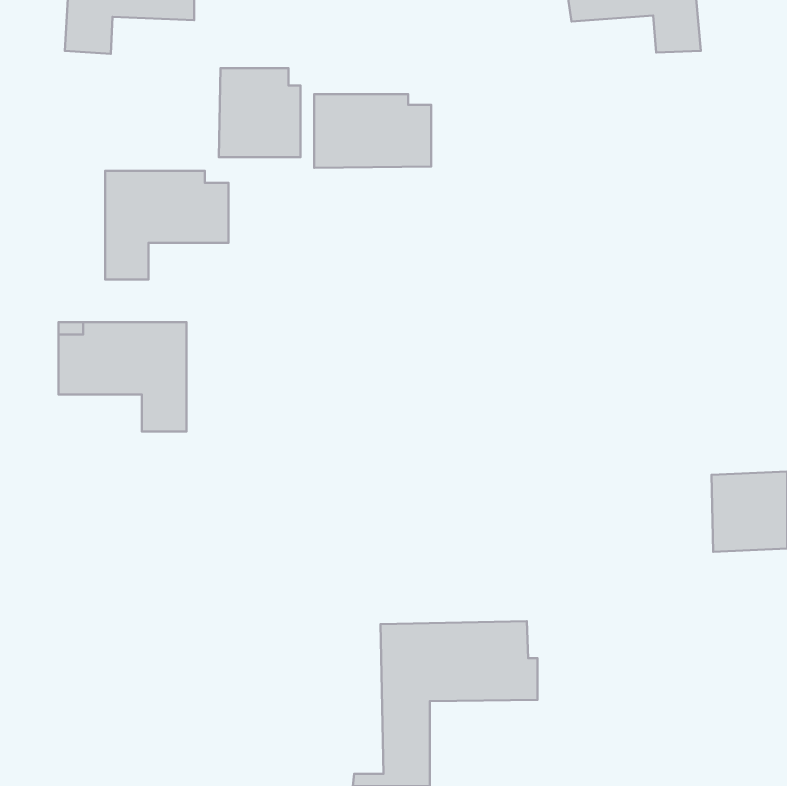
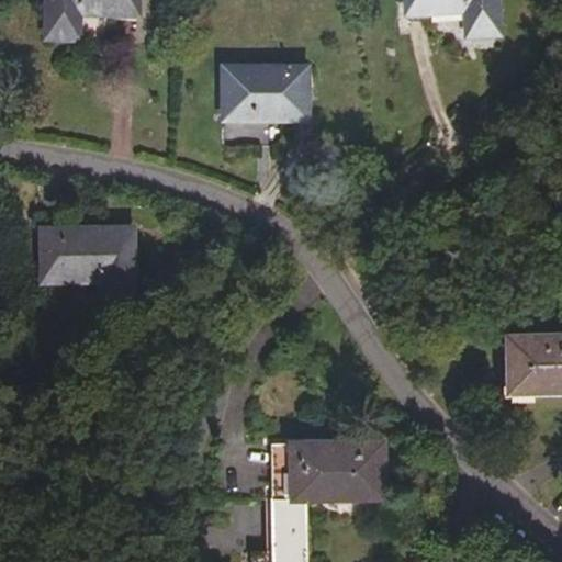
building: [219,68,301,157] -> none
building: [105,171,229,280] -> none

